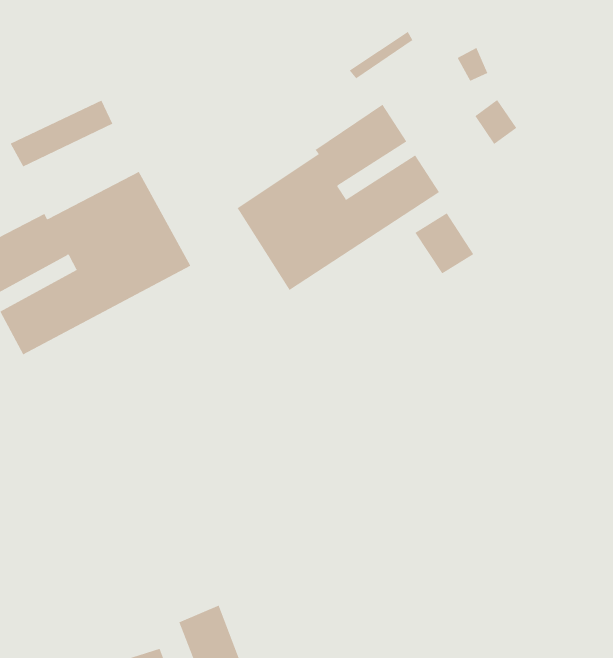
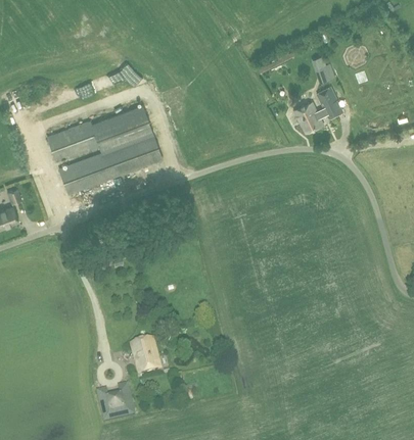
building: [237,104,440,291] -> none
building: [415,213,474,274] -> [294,102,324,134]

